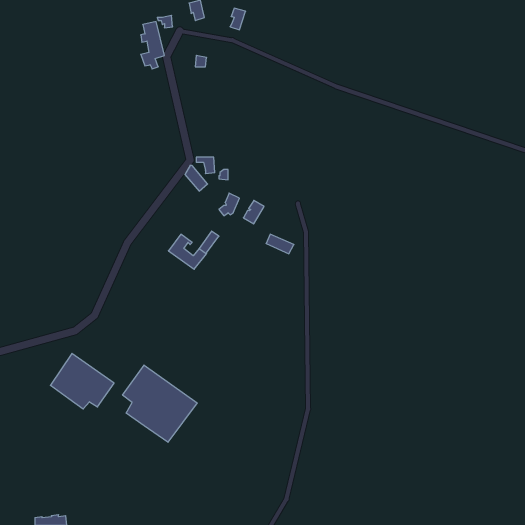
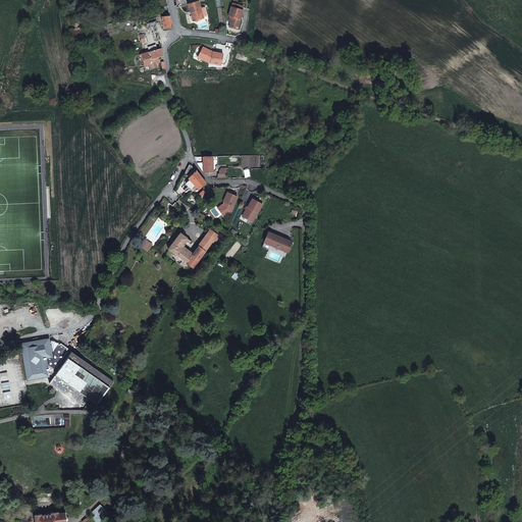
building: none -> [20,338,68,381]
building: [123,365,197,442] -> none

